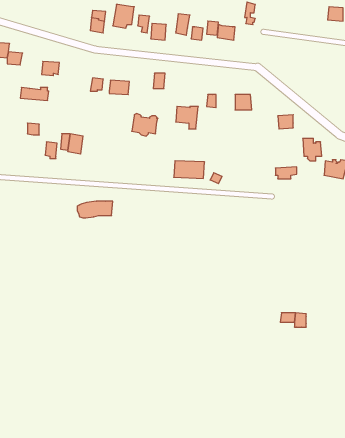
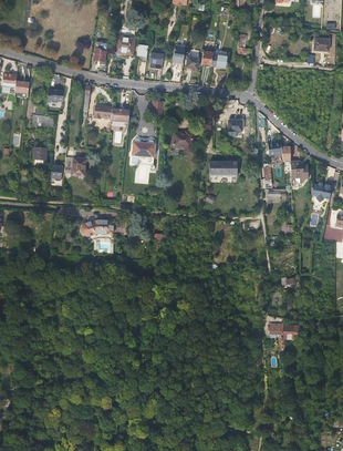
building: [174,161,205,178] -> [209,158,238,175]

